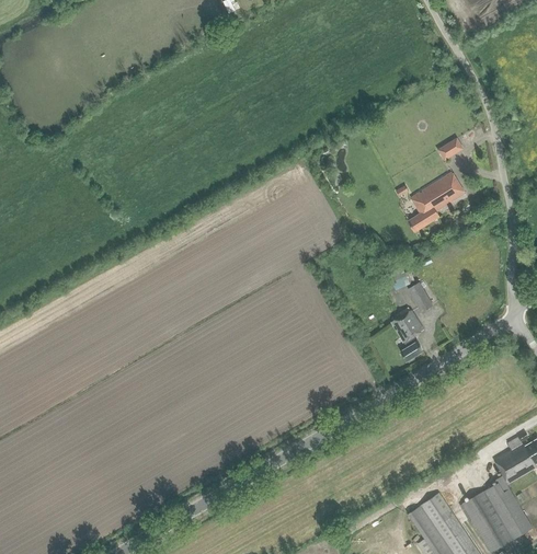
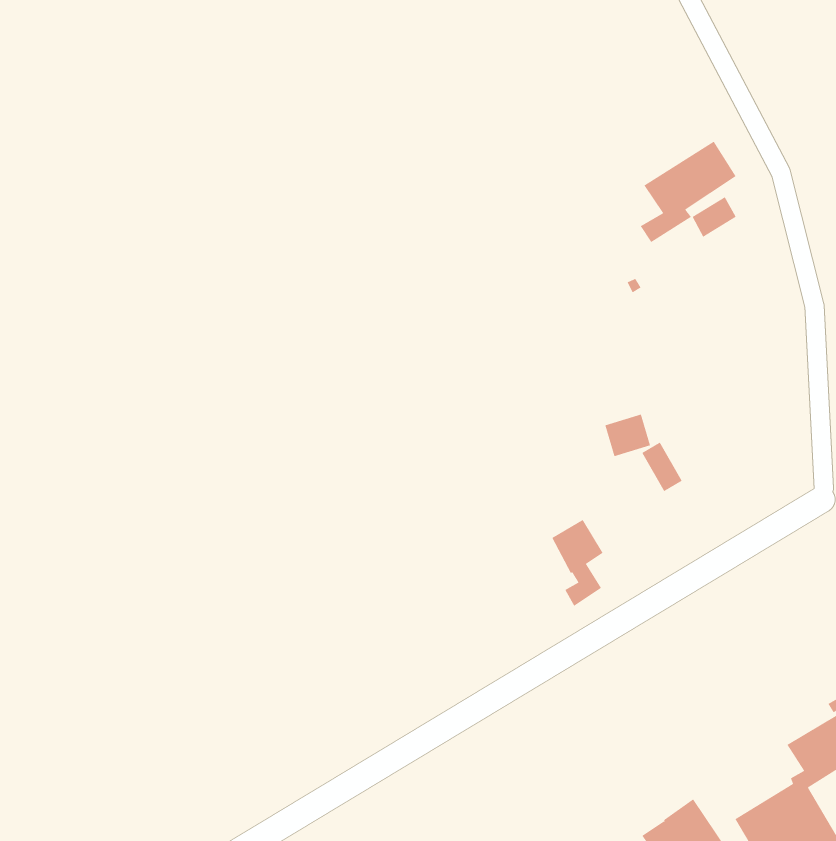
building: [408,172,465,232] -> [640,141,736,243]
building: [392,311,423,362] -> [552,519,604,607]

